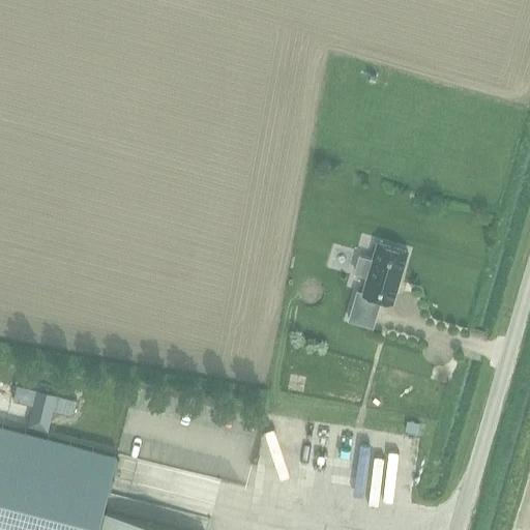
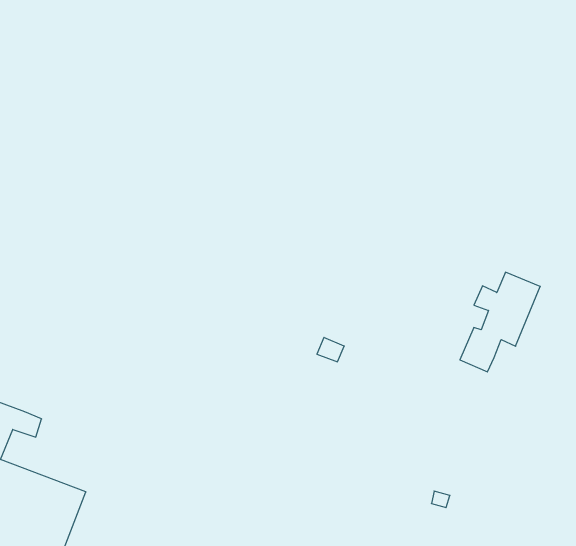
building: [347,246,406,330] -> [460,272,540,372]

